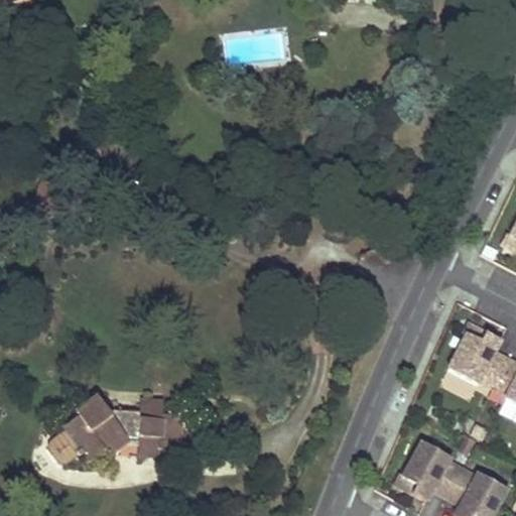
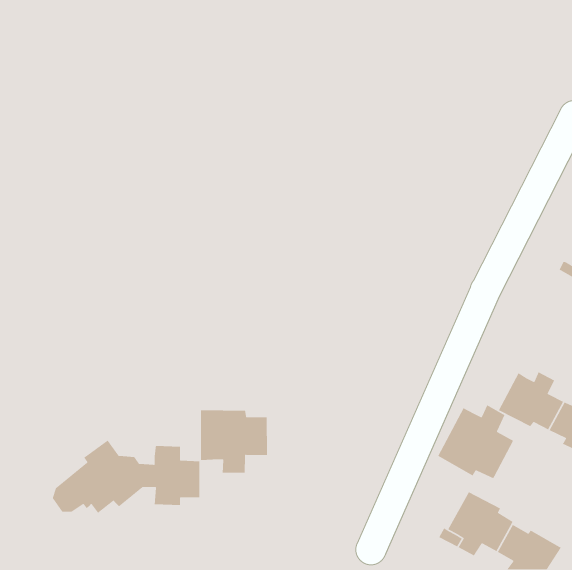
building: none -> [437,404,514,479]
building: none -> [200,410,268,473]

